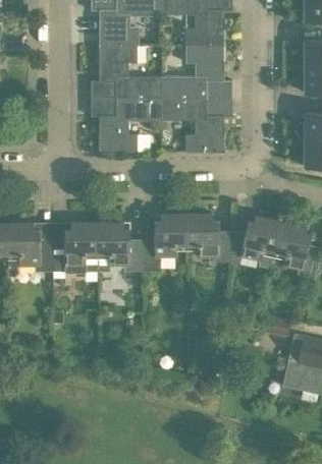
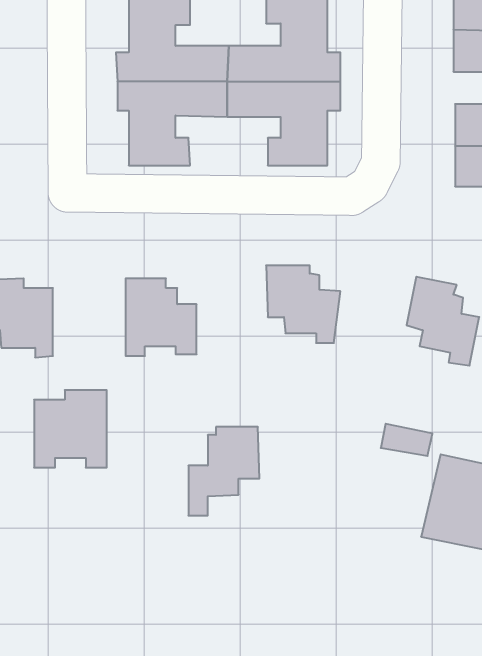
building: [142,214,186,270] -> [188,427,259,516]
building: [228,216,280,268] -> none
building: [51,222,97,271] -> [34,390,107,468]

